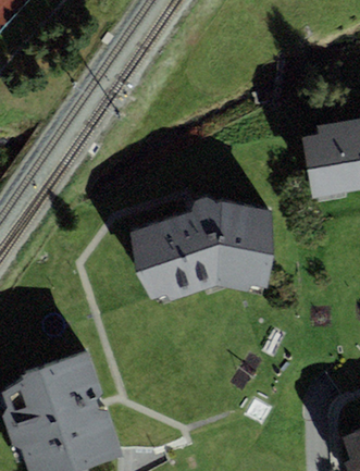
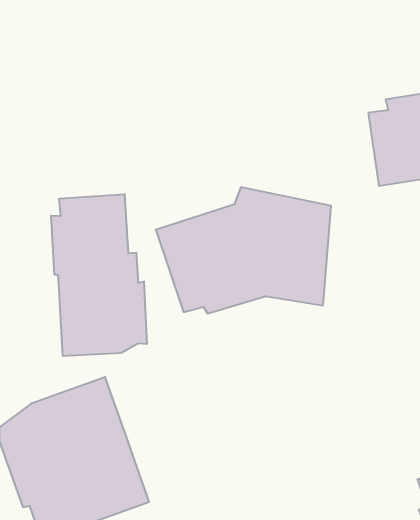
building: none -> [51,194,147,356]

